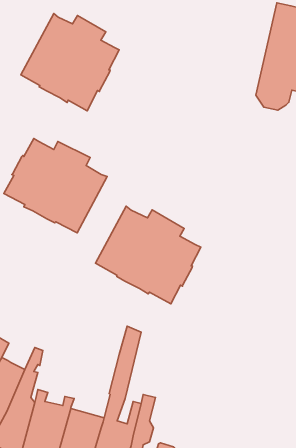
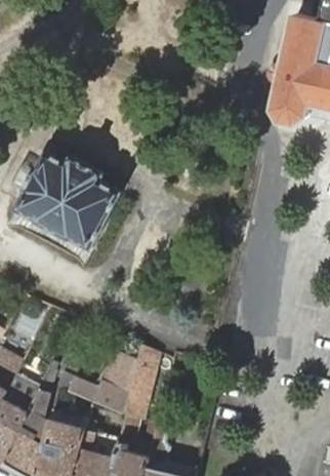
building: [21,13,119,111] -> none
building: [95,206,201,304] -> none
building: none -> [55,352,135,413]

